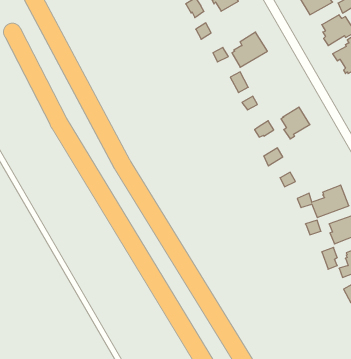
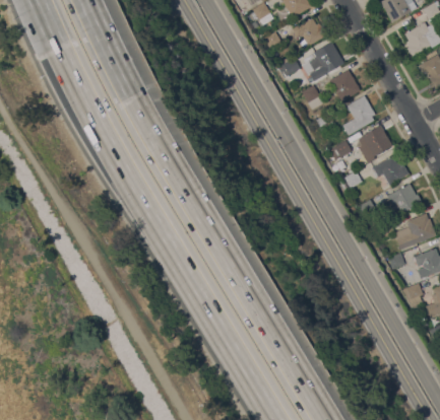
building: none -> [291,16,327,45]
building: none -> [328,68,360,100]
building: none -> [341,96,374,135]
building: none -> [372,155,407,188]
building: none -> [386,183,425,216]

